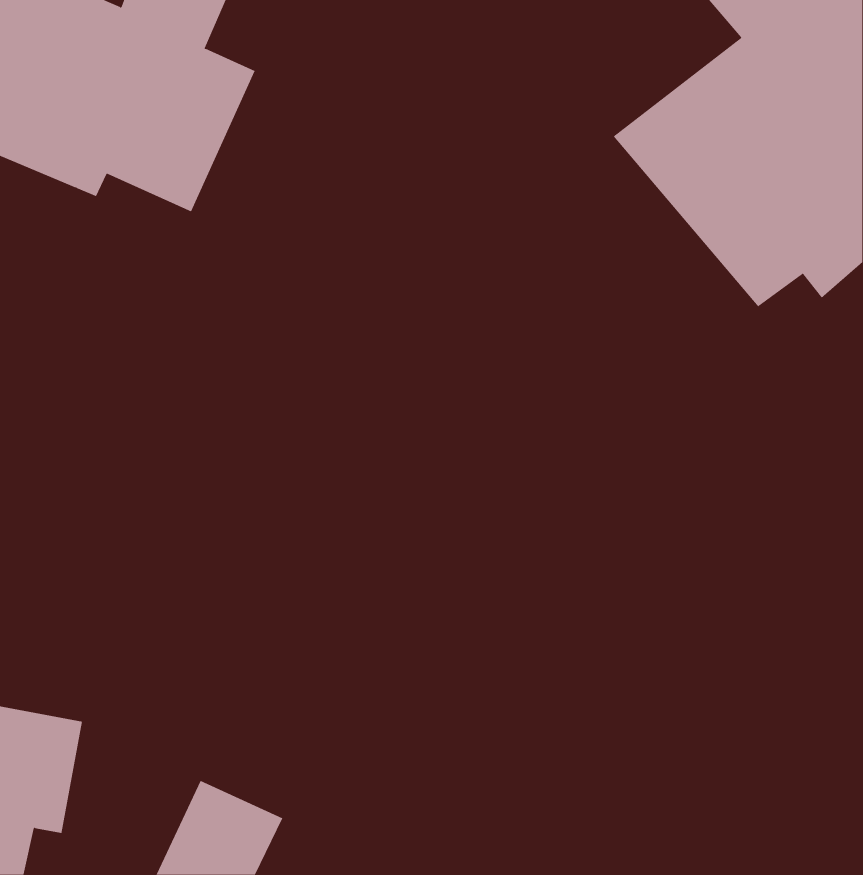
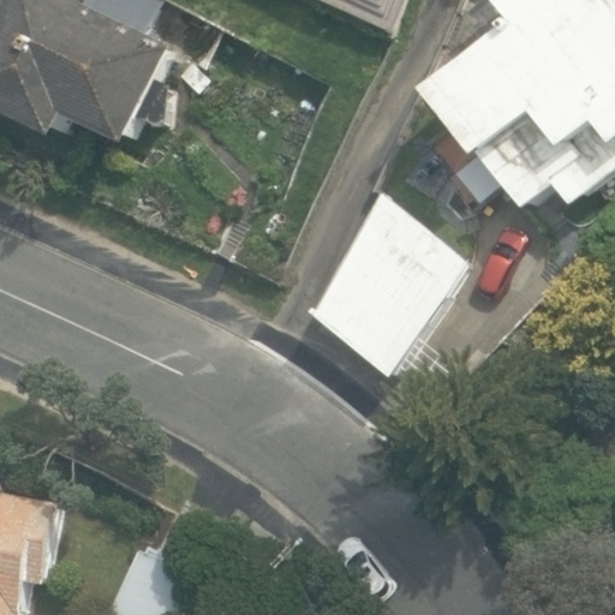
building: none -> [315,214,458,377]

